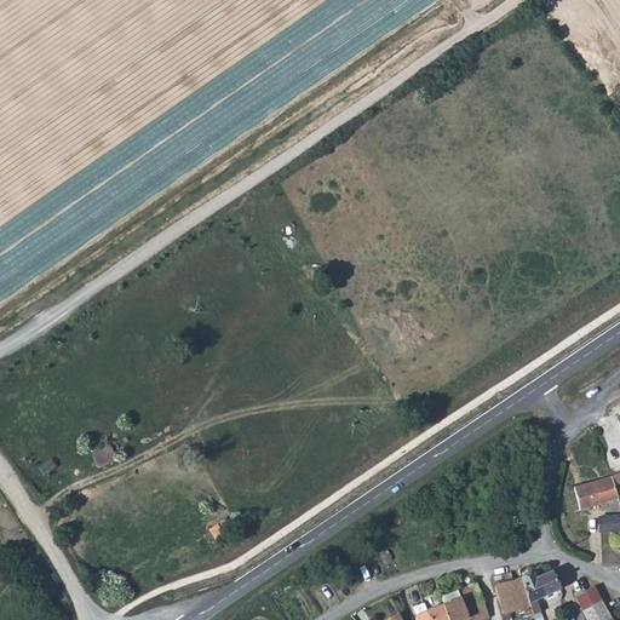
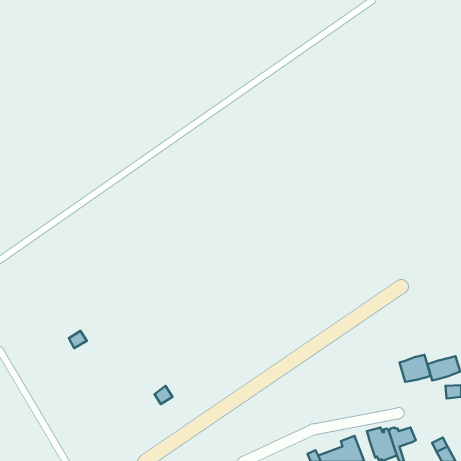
building: none -> [400,355,431,382]

